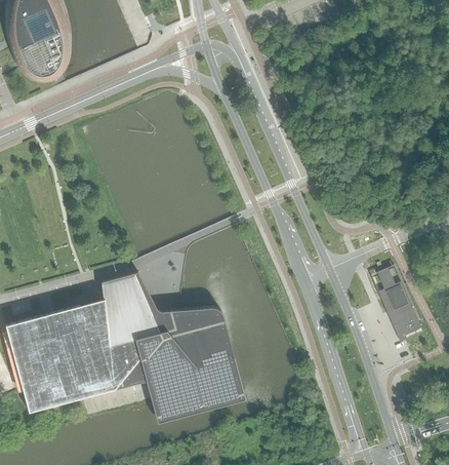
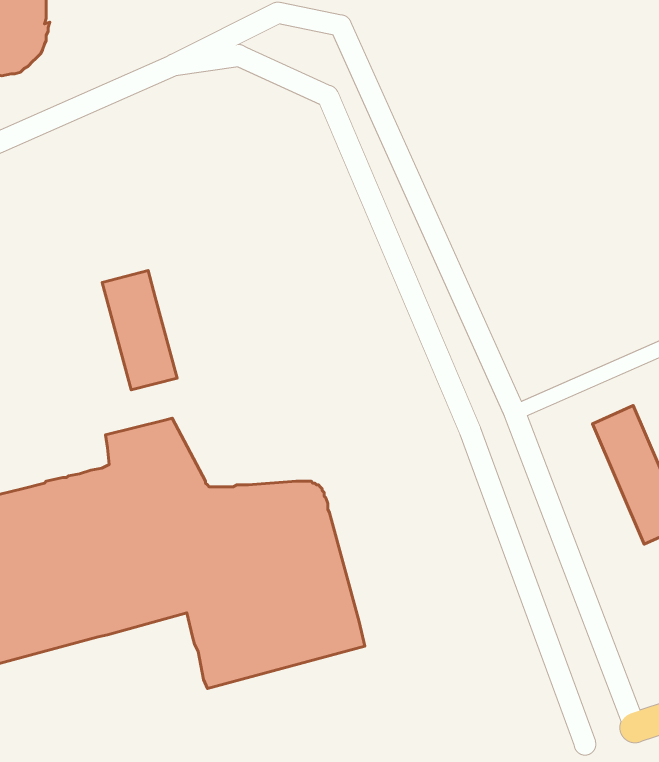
building: none -> [102,271,177,390]

